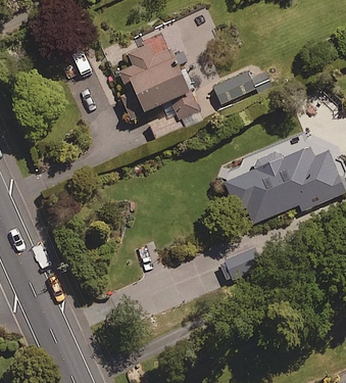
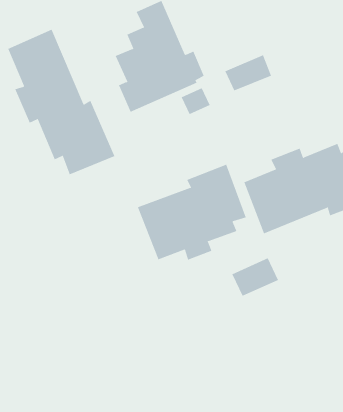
building: none -> [7,29,115,175]
building: none -> [137,164,247,261]

